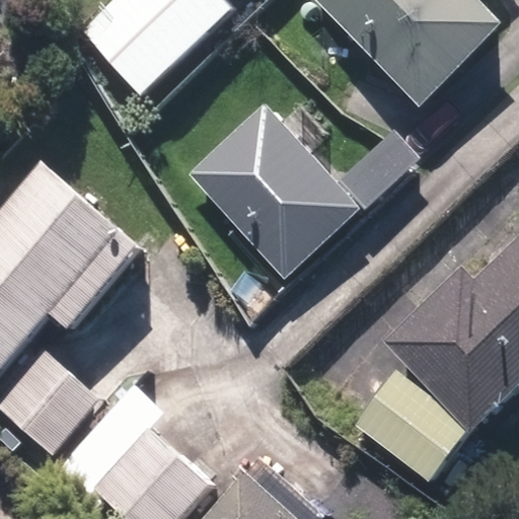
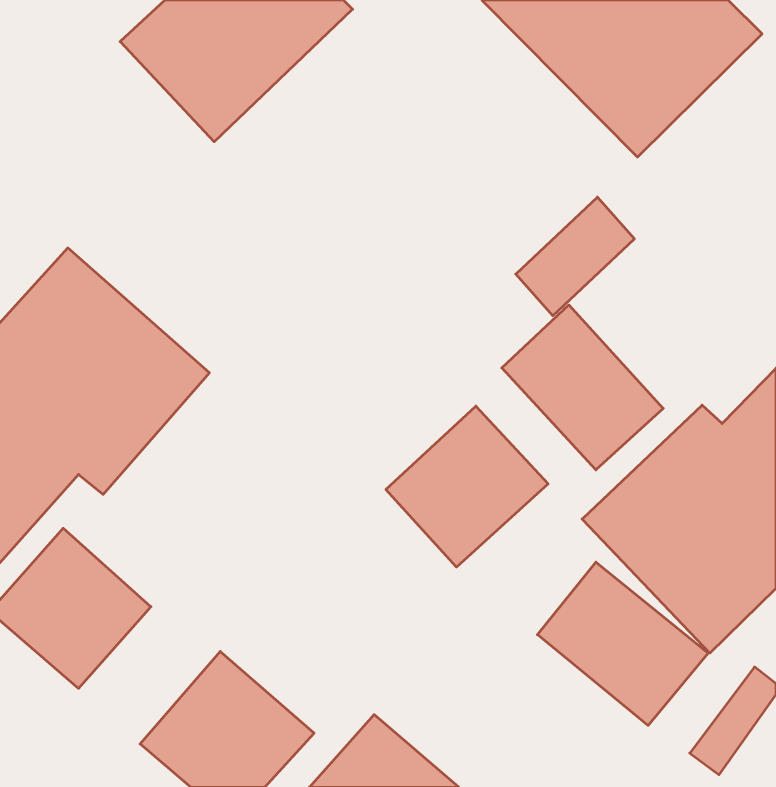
building: [190,104,358,277] -> none
building: none -> [502,305,663,470]
building: none -> [386,406,548,567]

